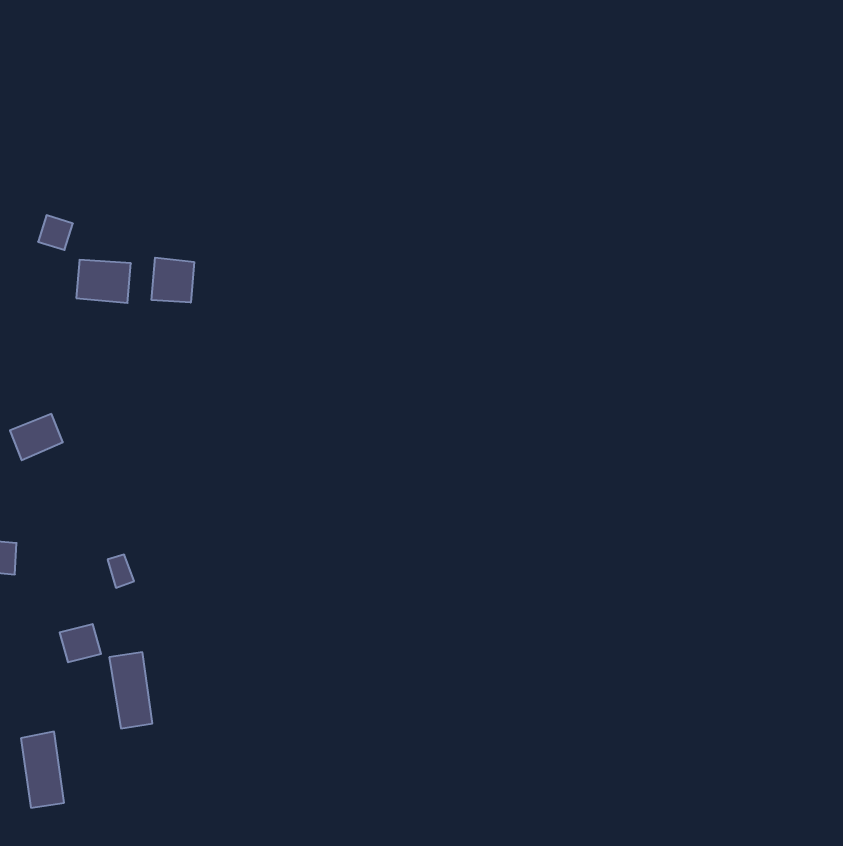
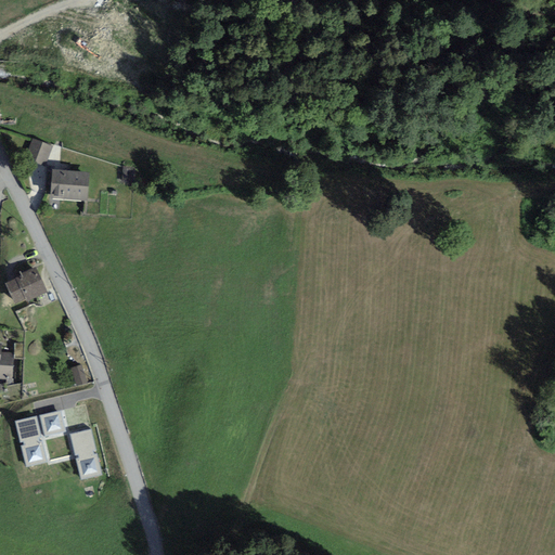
building: [152,258,194,303] -> none
building: [21,732,64,808] -> [16,415,44,465]

